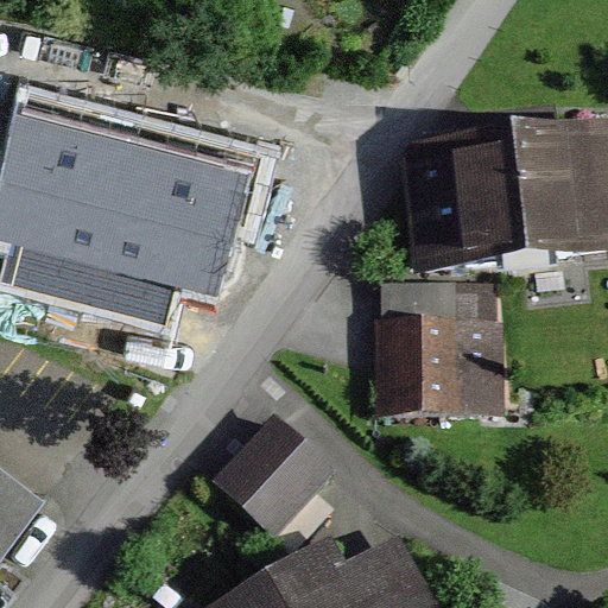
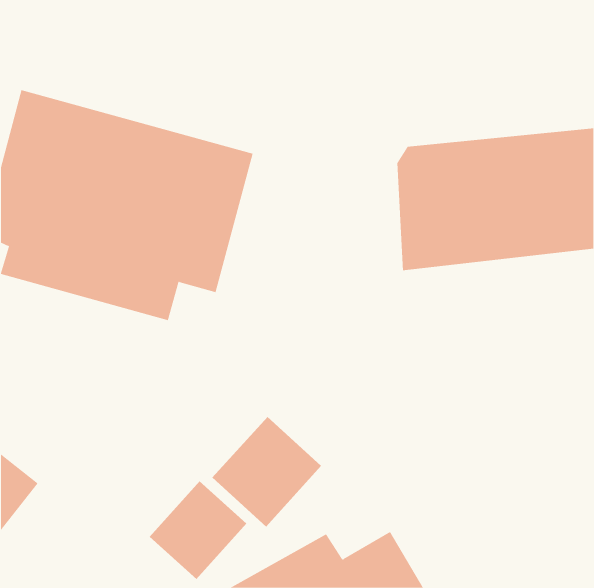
building: [378,283,501,416] -> none
building: none -> [149,480,247,580]

